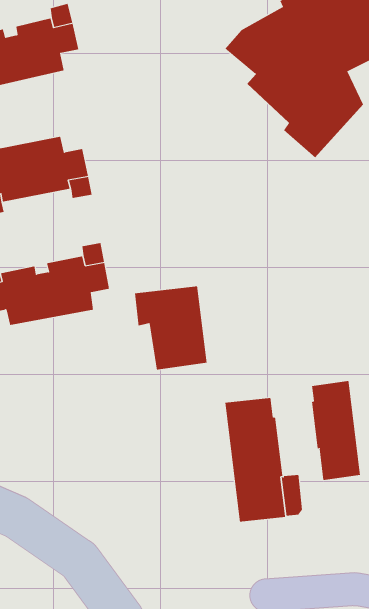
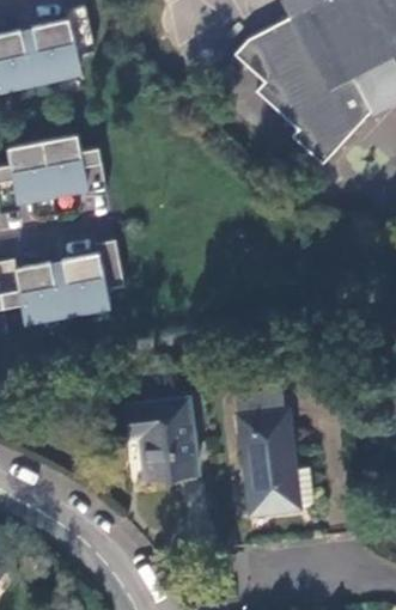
building: [134,286,208,370] -> [126,399,197,482]
building: [311,380,361,481] -> none

